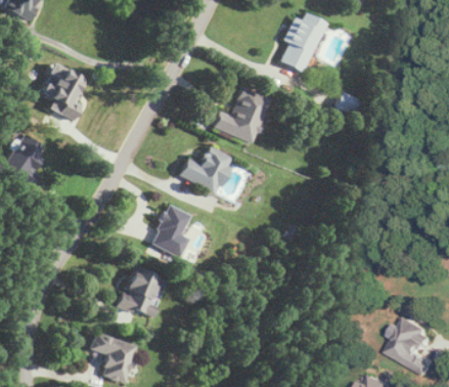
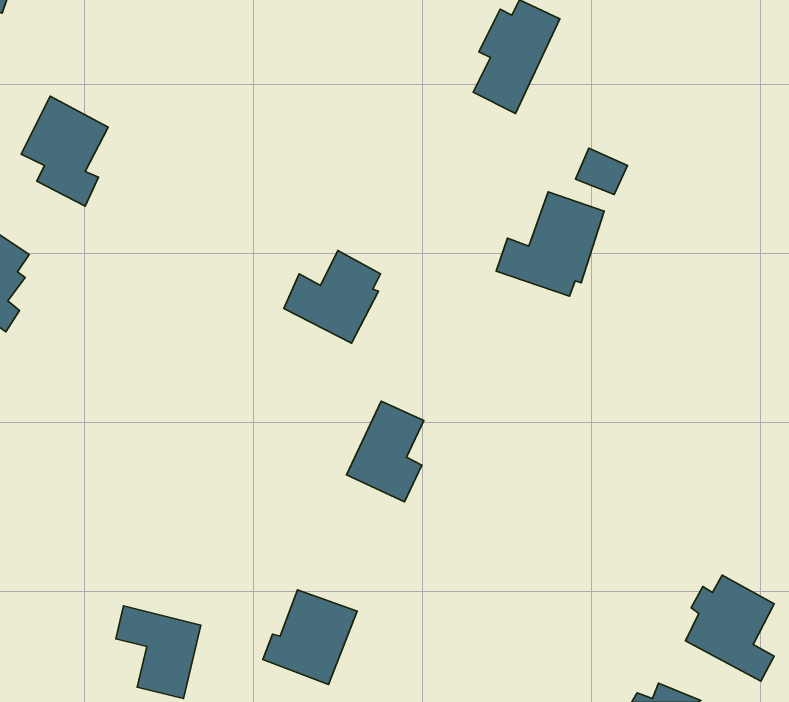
building: [214,87,271,142] -> [496,192,604,296]
building: [150,205,191,258] -> [347,401,424,502]
building: [118,268,168,318] -> [263,590,357,685]

